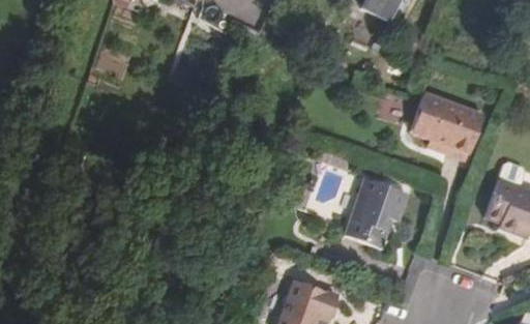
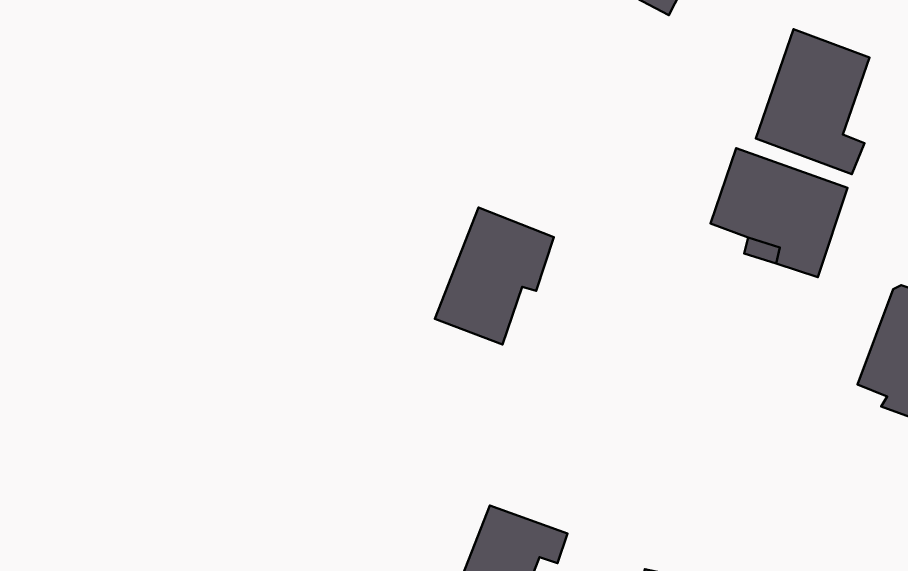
building: none -> [756,29,869,174]
building: [346,176,408,247] -> [435,207,554,345]

